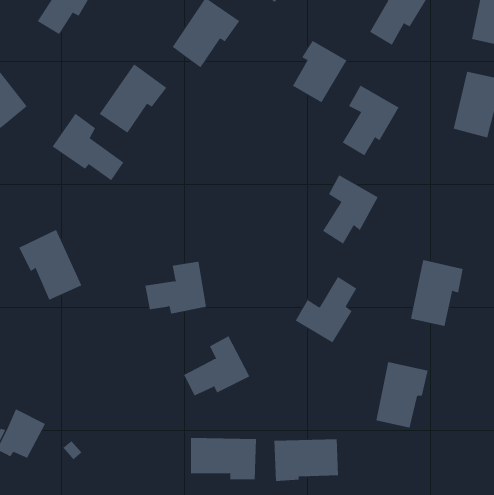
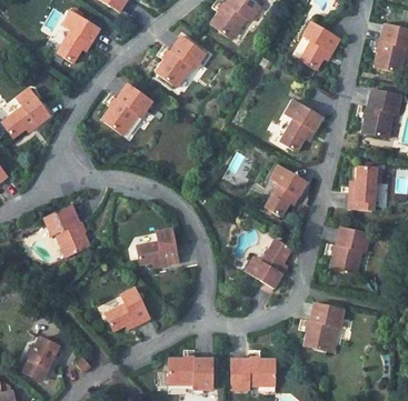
building: [292,40,347,103] -> none
building: [52,113,124,181] -> none
building: none -> [348,167,380,209]
building: [183,335,250,396] -> [100,288,149,332]

